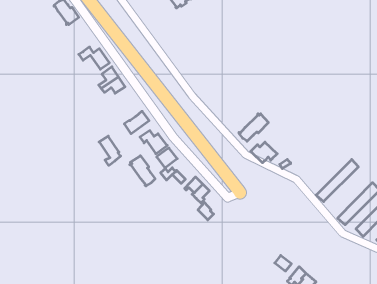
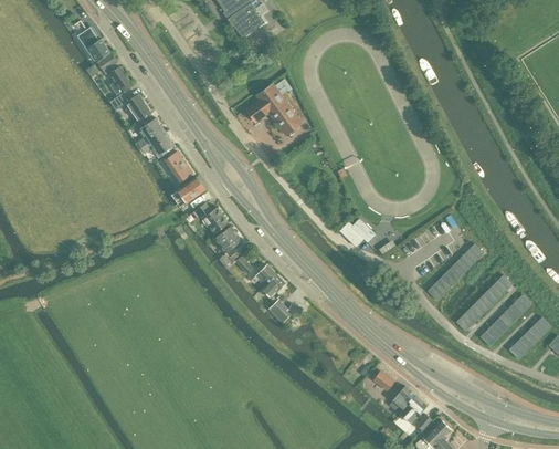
building: none -> [97,53,131,94]
building: none -> [246,84,302,135]
building: [239,114,268,141] -> none
building: [99,136,121,165] -> [166,152,194,190]
building: [130,156,155,186] -> none

